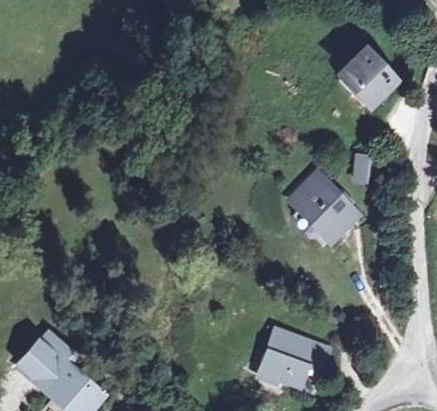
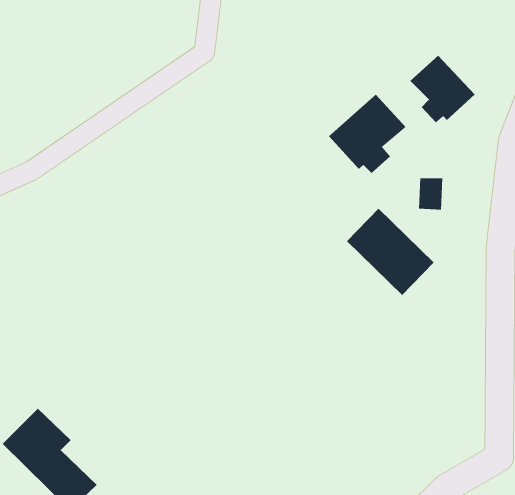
building: none -> [328,94,406,174]
building: [251,329,319,380] -> none

